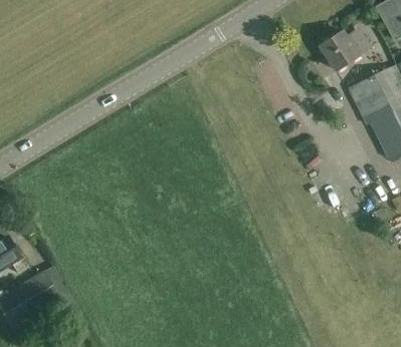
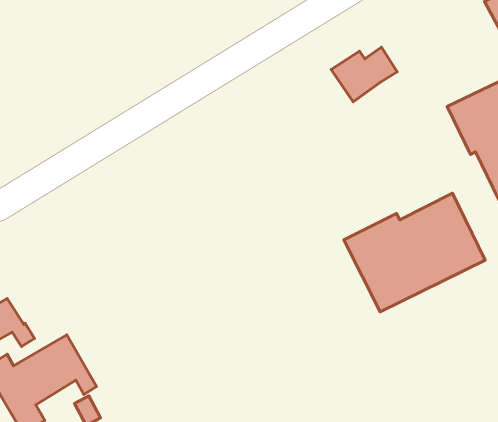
building: [320,28,371,70] -> [331,47,397,102]
building: none -> [344,193,485,312]

